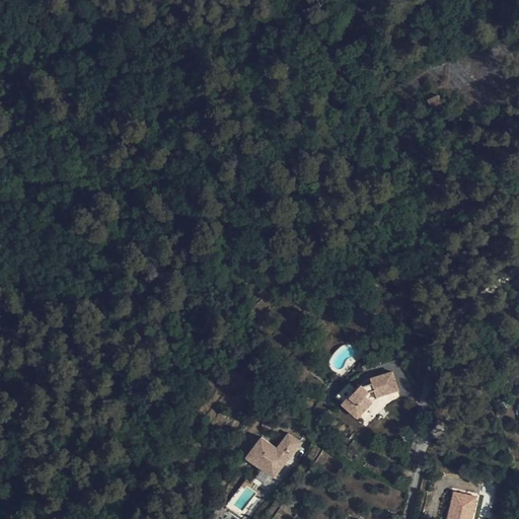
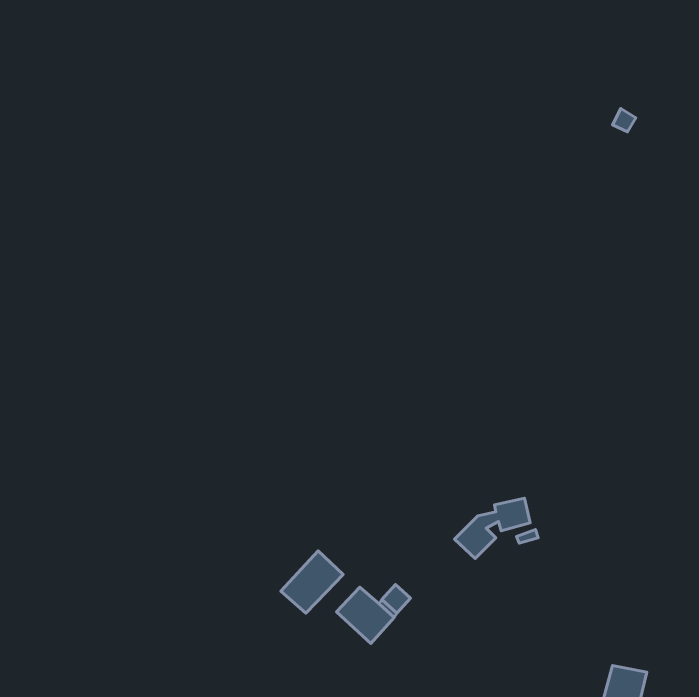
building: none -> [281,551,343,613]

